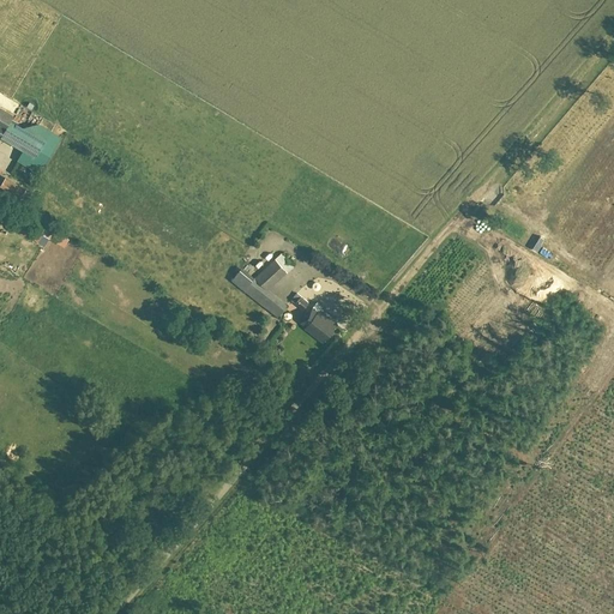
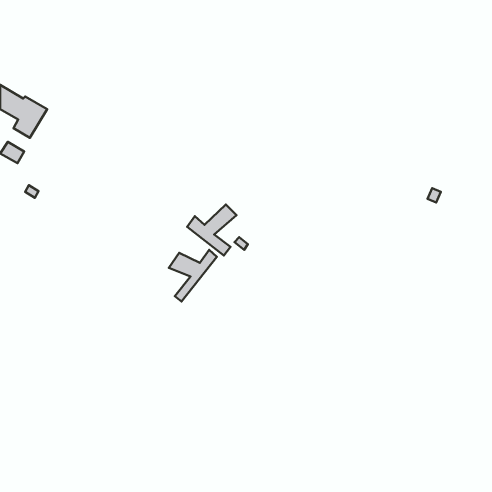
building: [302,309,337,344] -> none
building: none -> [169,250,217,301]

